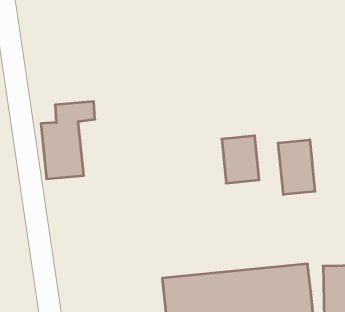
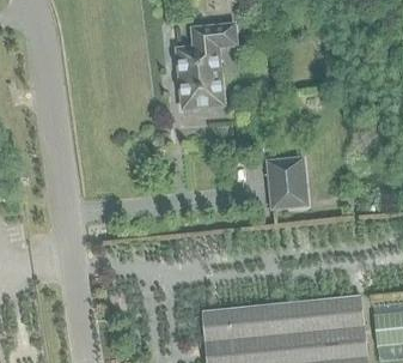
building: [41,102,95,179] -> [176,26,234,110]
building: [278,140,315,195] -> none

